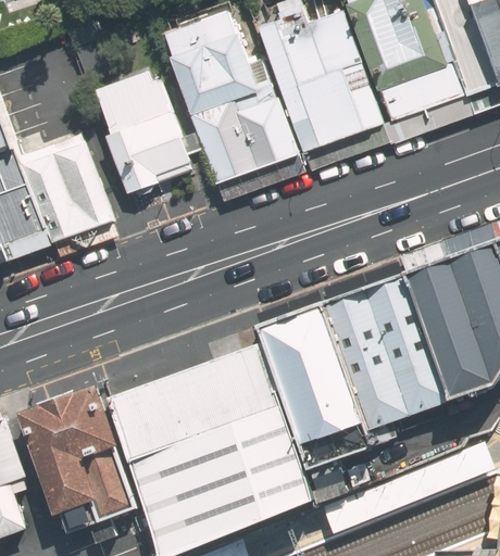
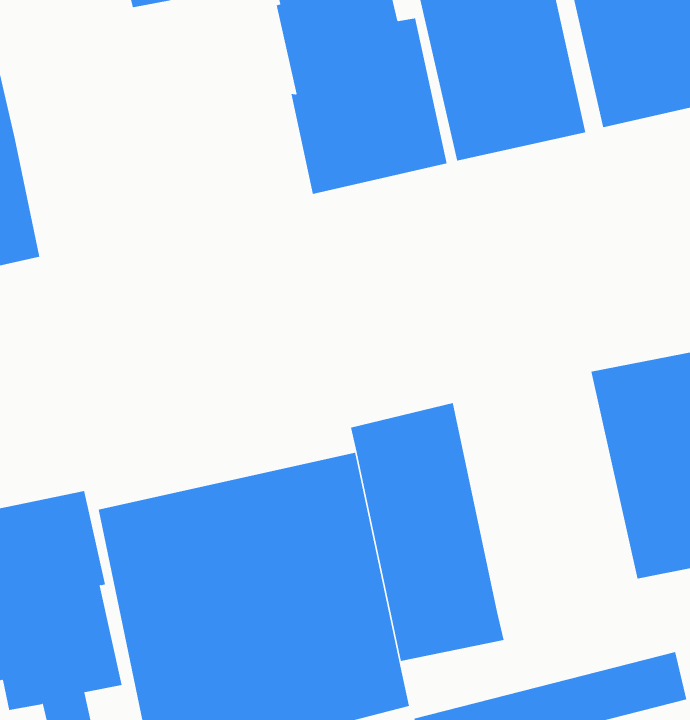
building: [99,80,199,201] -> none
building: [24,150,113,244] -> none
building: [321,273,450,431] -> none

